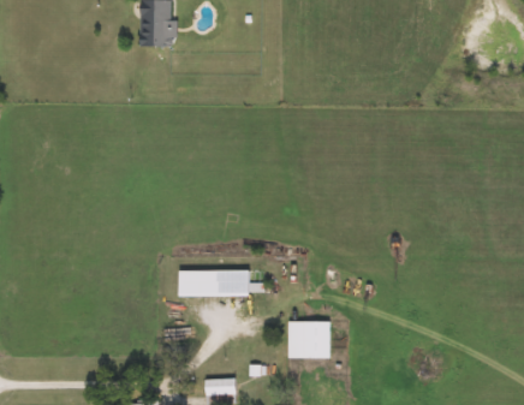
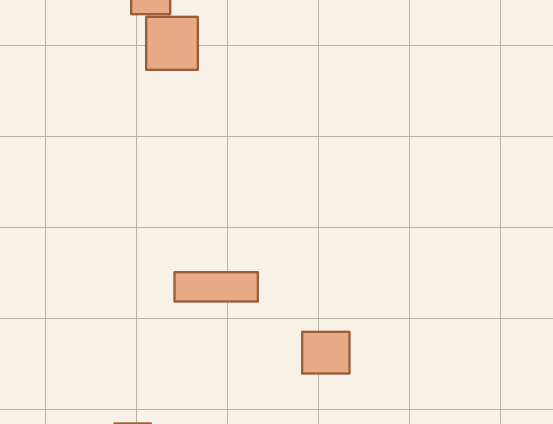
building: none -> [146,17,198,70]
building: [204,379,236,395] -> none

